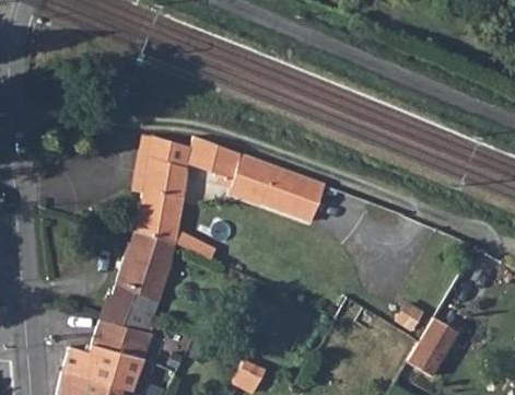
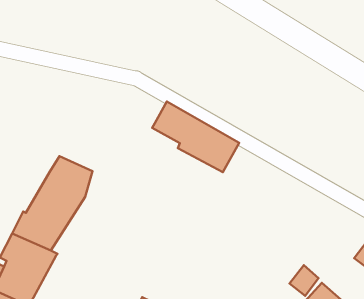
building: [137,136,239,240] -> none

